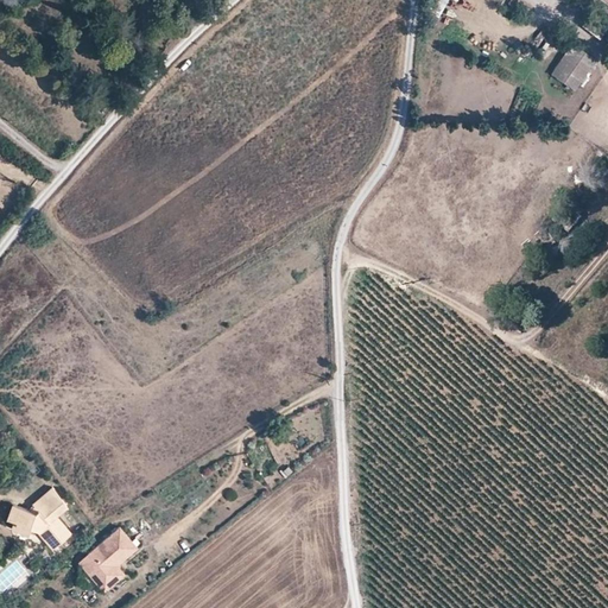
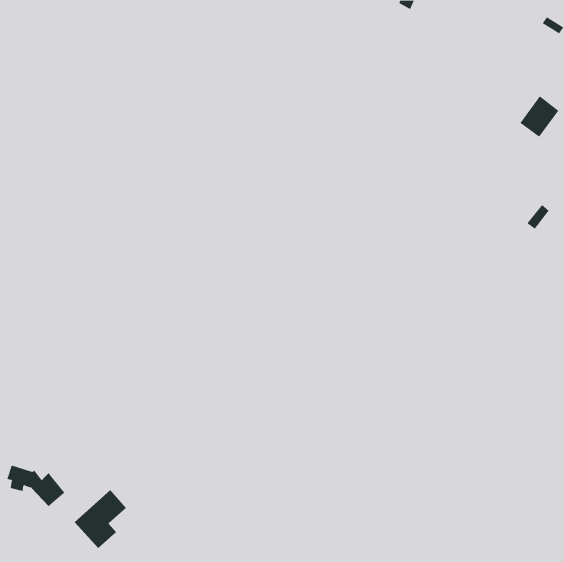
building: [551,46,594,91] -> [520,95,559,137]
building: [32,487,65,518] -> none

